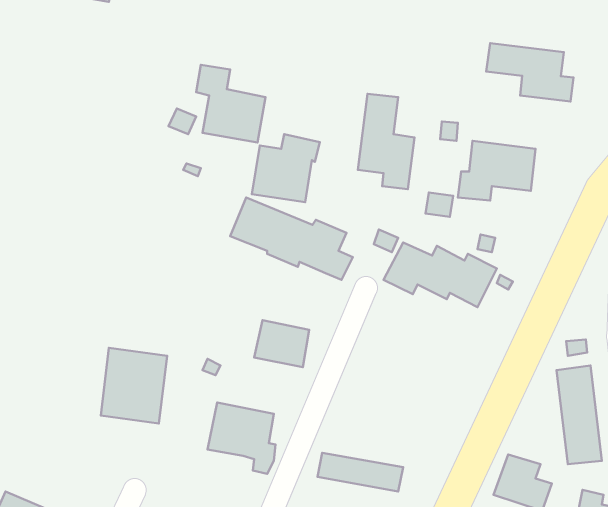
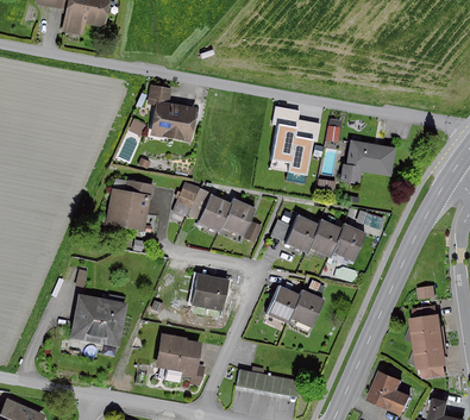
building: [486,43,573,102] -> none
building: [252,134,320,202] -> [105,180,155,230]
building: none -> [267,284,325,330]

